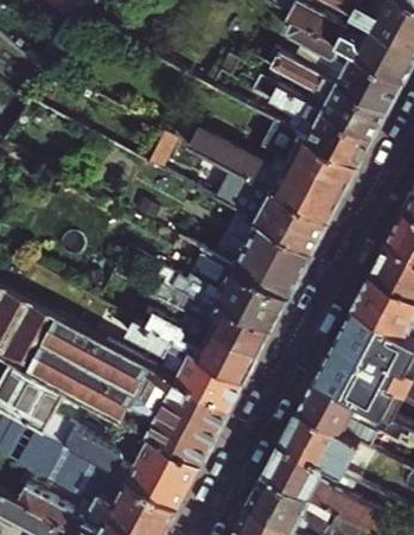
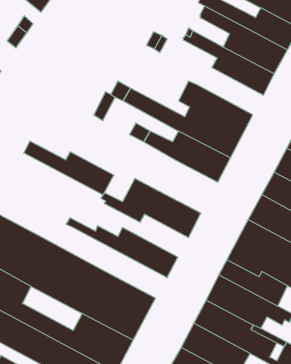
building: [251,76,374,164] -> none
building: [234,223,313,294] -> none
building: [154,281,274,352] -> [24,141,114,195]
building: [113,313,246,407] -> none

